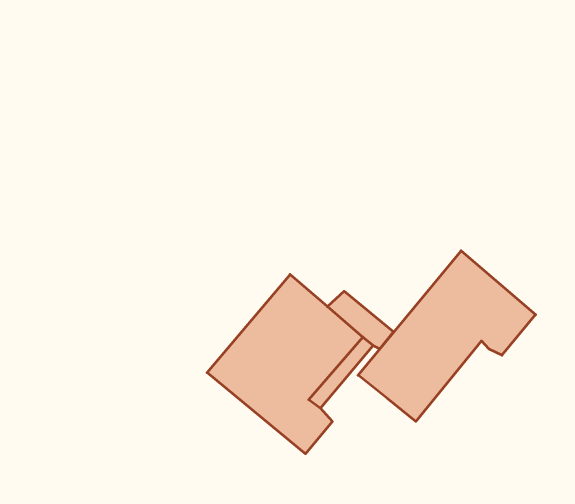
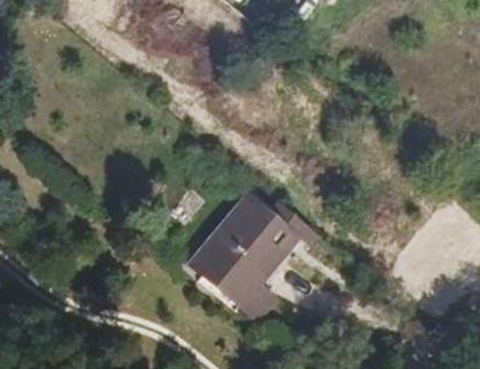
building: [358,251,536,421] -> none

